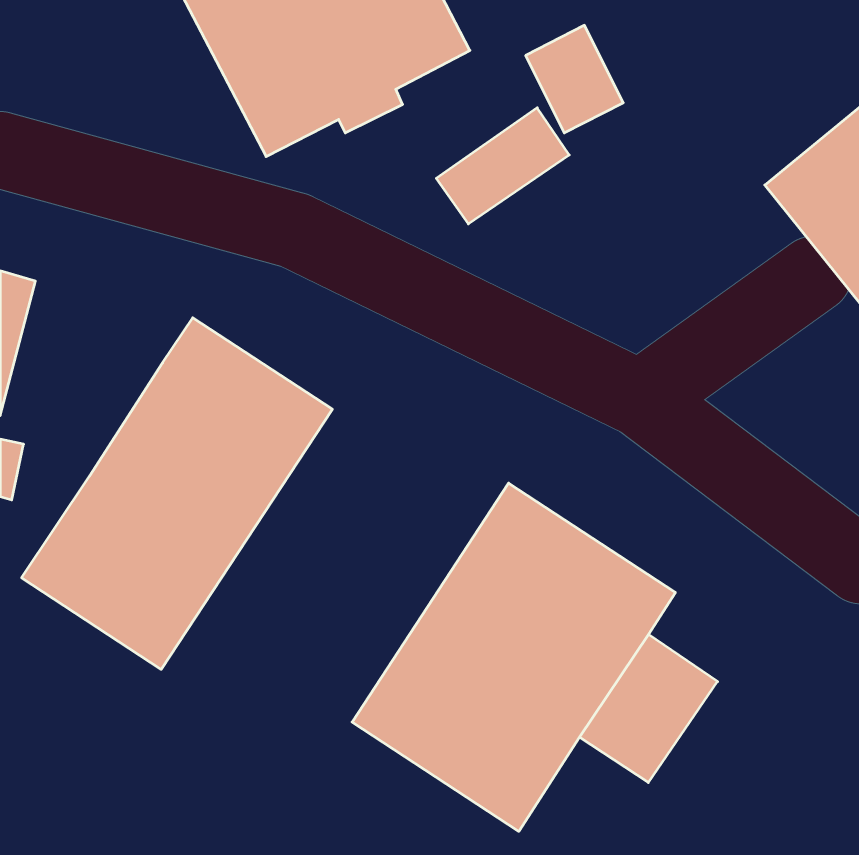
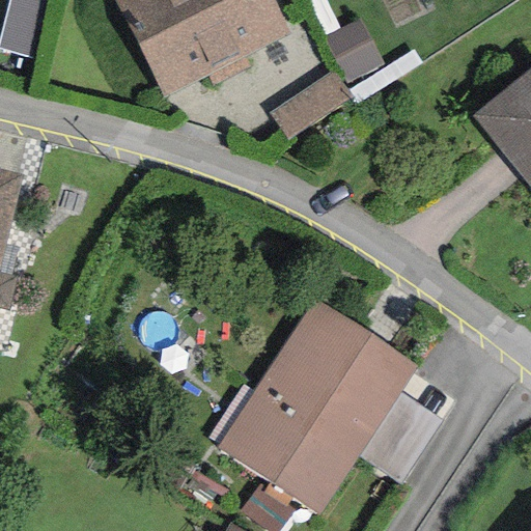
building: [22,318,332,669] -> none

